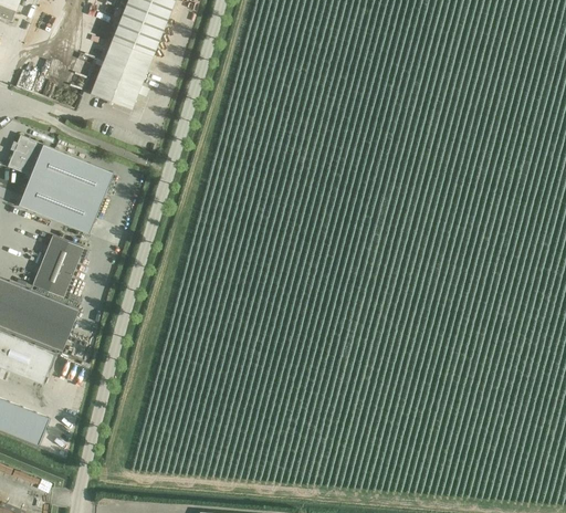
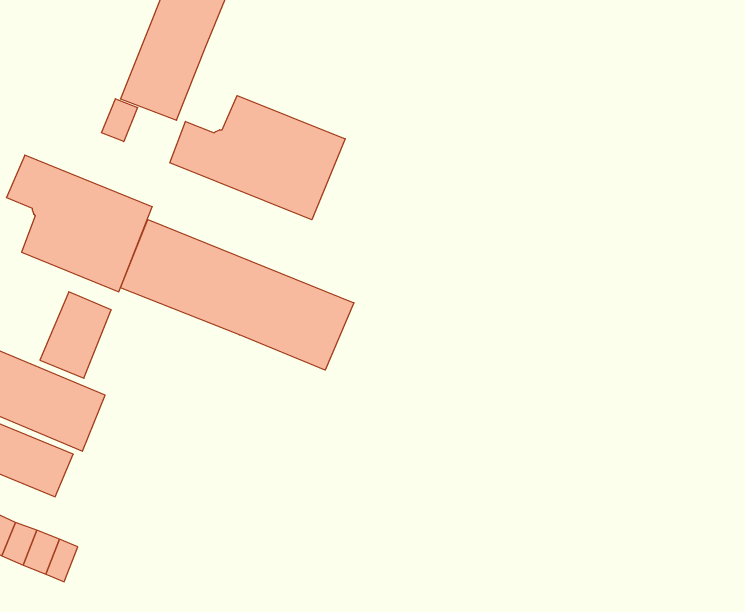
building: none -> [170,96,345,220]
building: none -> [102,99,138,142]
building: none -> [120,219,354,370]

